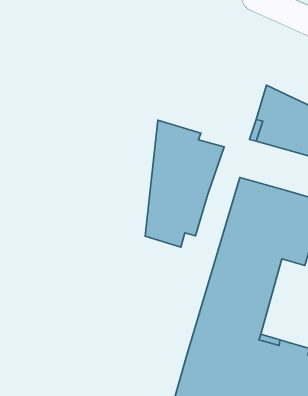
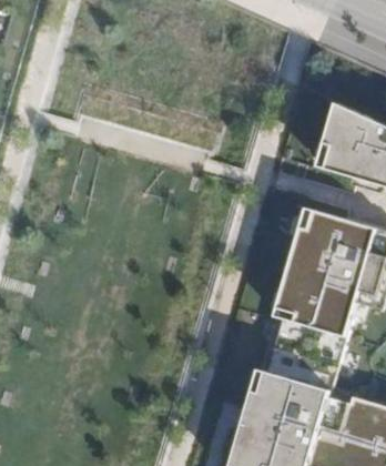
building: [145,120,224,247] -> none

